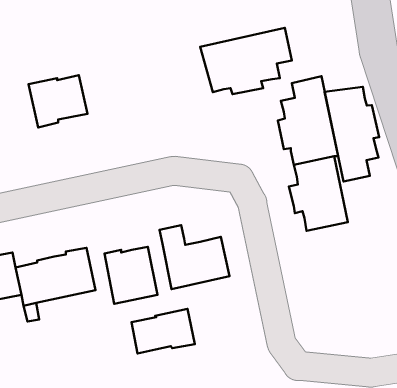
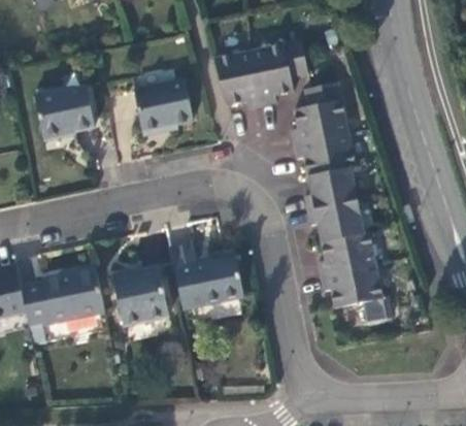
building: none -> [134,81,193,136]
building: [325,87,379,182] -> none
building: none -> [322,239,385,314]
building: [131,309,195,354] -> none

